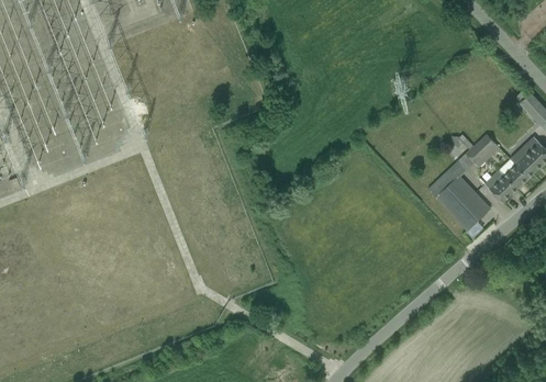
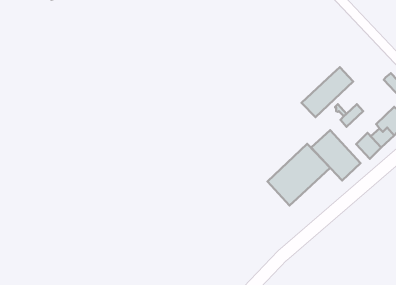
building: none -> [302,67,353,117]
building: none -> [267,144,330,205]

